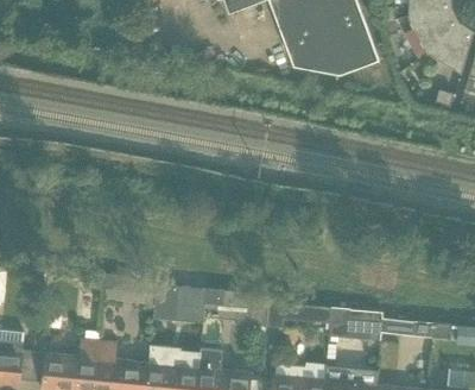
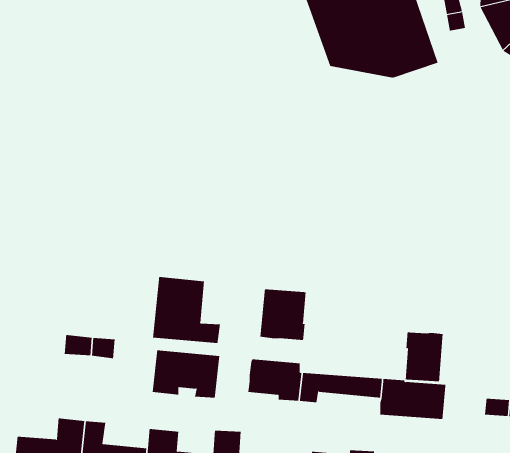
building: none -> [153,276,220,344]
building: none -> [260,288,306,341]
building: none -> [405,331,443,382]

